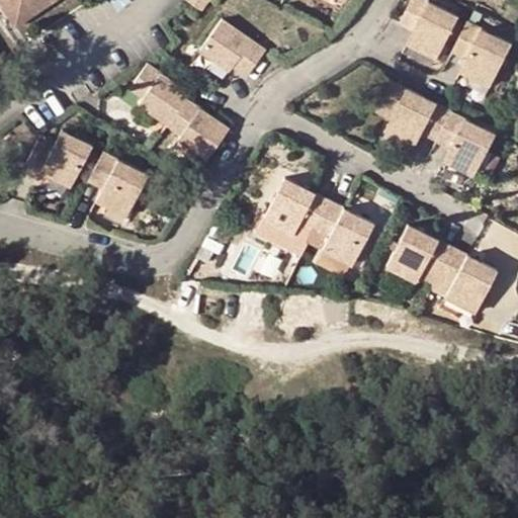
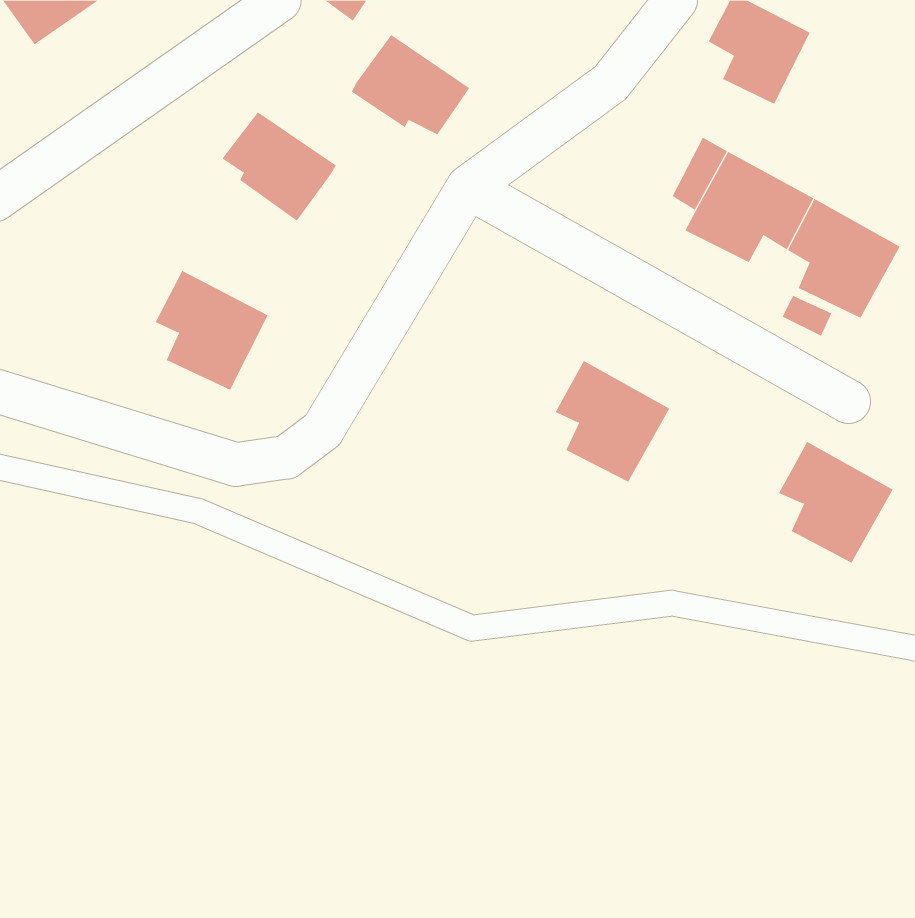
building: [452,25,510,89] -> none
building: [167,99,228,161] -> none
building: [20,133,102,189] -> none
building: [255,177,328,239] -> none
building: [381,224,453,285] -> none

